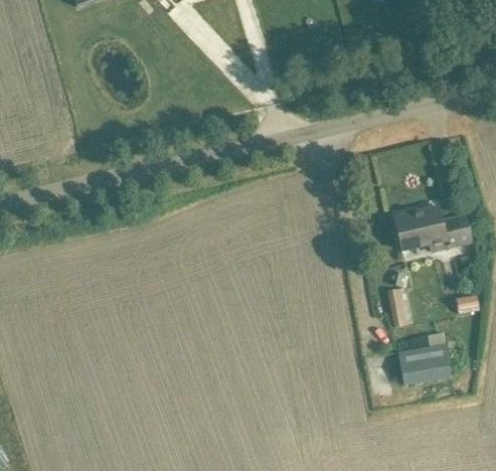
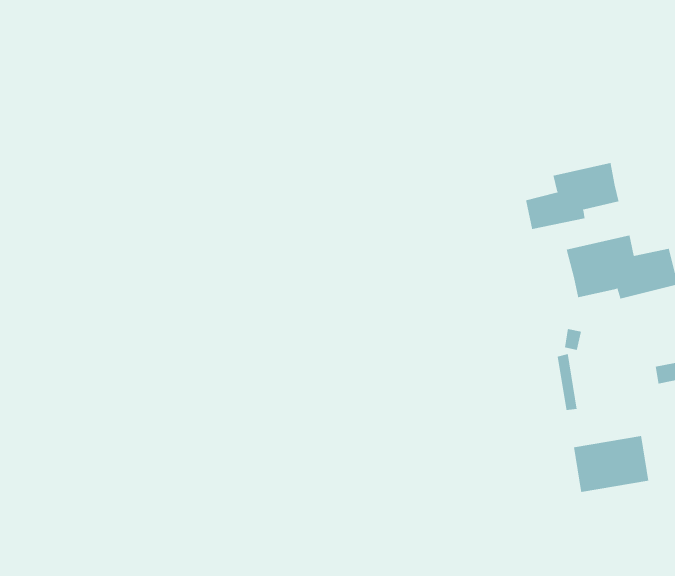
building: none -> [525,162,619,230]

